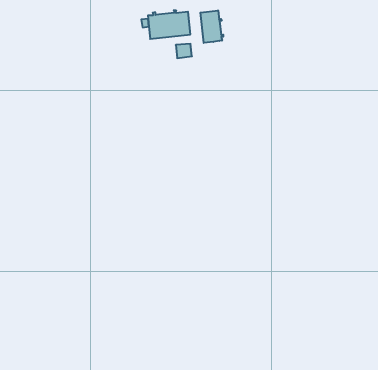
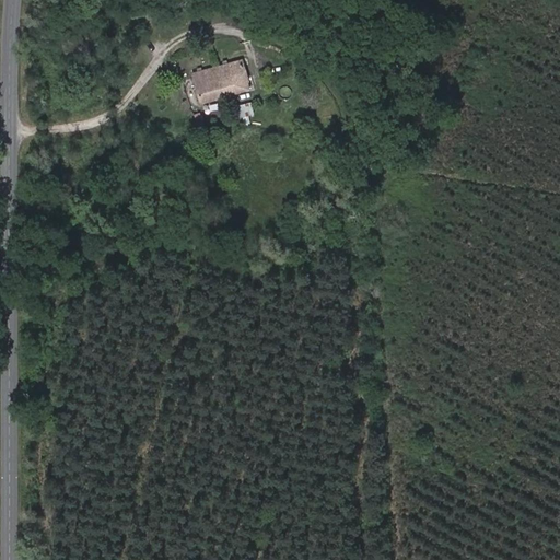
building: [200,10,223,43] -> none

